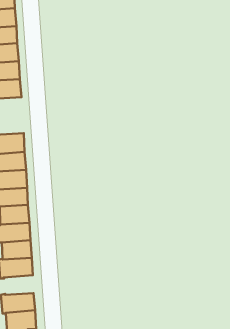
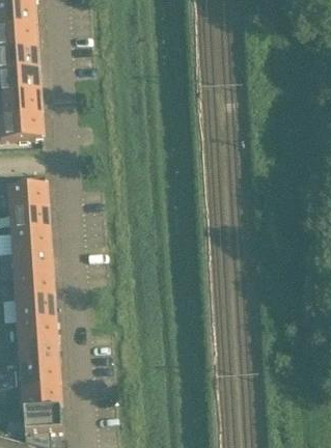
building: none -> [20,363,58,388]

